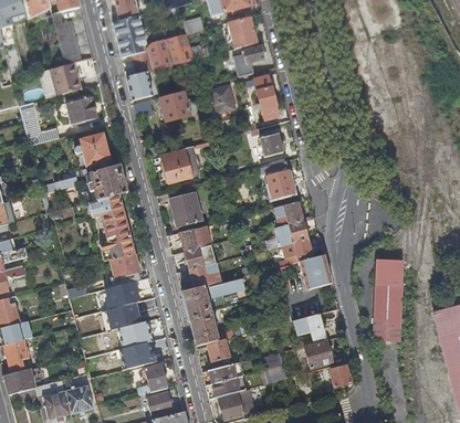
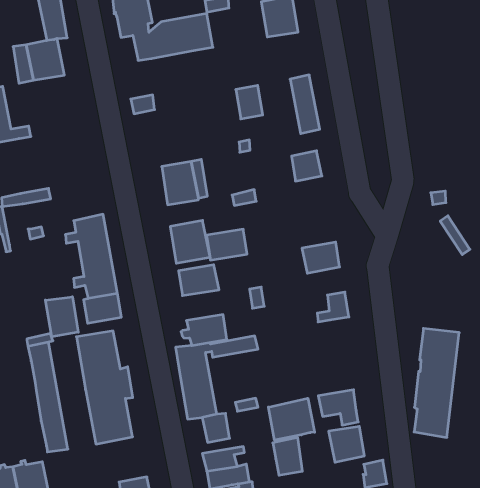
building: [233,45,264,76] -> none
building: [127,72,153,101] -> none
building: [160,91,190,121] -> none
building: [70,96,97,123] -> none
building: [75,133,112,166] -> none
building: [265,161,294,198] -> none
building: [90,165,128,200] -> none
building: [276,220,309,245] -> none
building: [185,244,217,269] -> [207,229,247,260]
building: [299,254,332,288] -> none
building: none -> [45,297,78,337]
building: none -> [268,398,315,440]
building: [138,363,167,394] -> none

